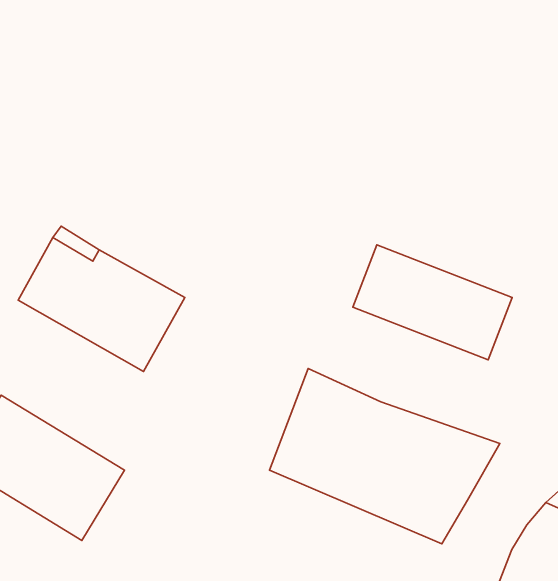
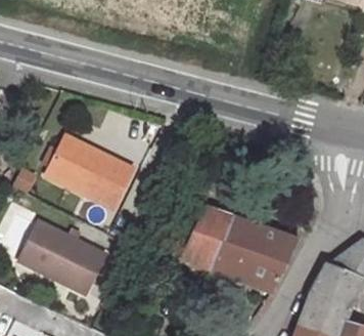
building: [353,245,512,360] -> none

